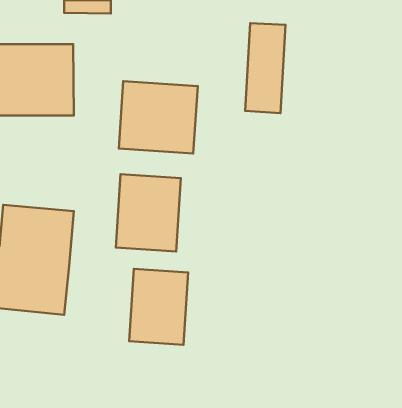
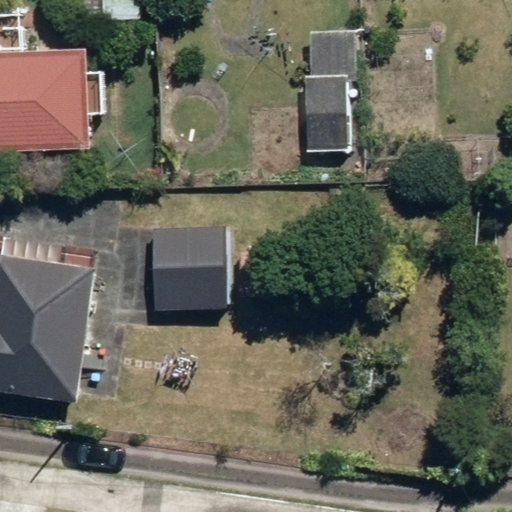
building: [119,81,198,153] -> none
building: [129,269,188,345] -> none

